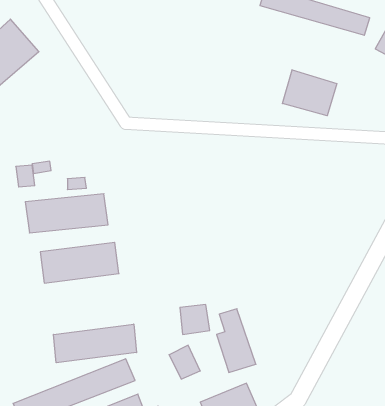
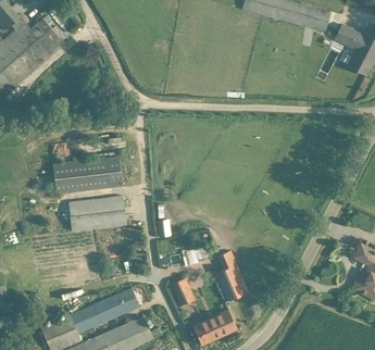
building: [282,70,337,116] -> none
building: [53,324,137,363] -> none

